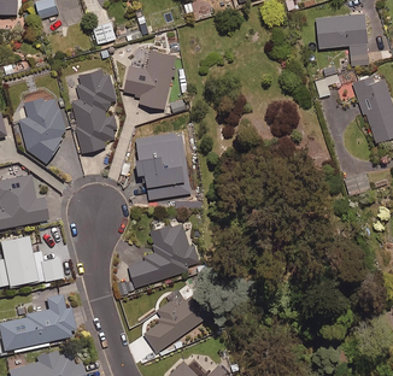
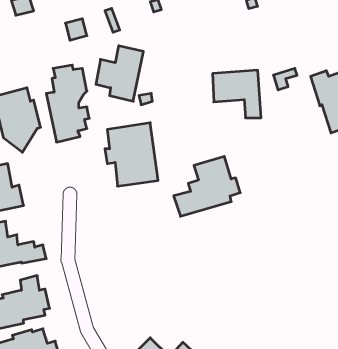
building: [316,13,368,64] -> [213,70,261,118]
building: [128,222,199,286] -> [174,156,240,216]
building: [142,292,211,352] -> none

